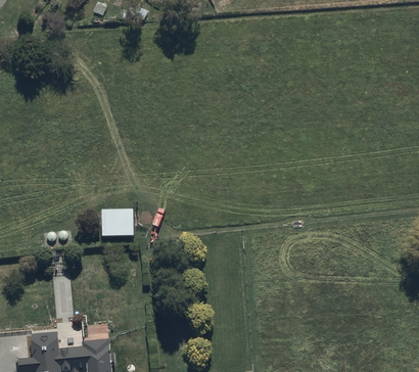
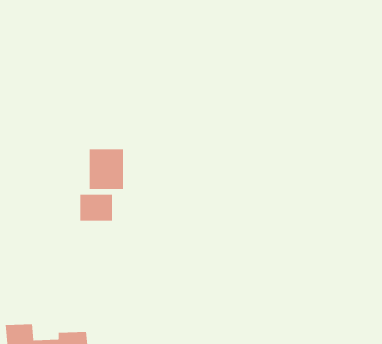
building: none -> [89,148,124,190]

